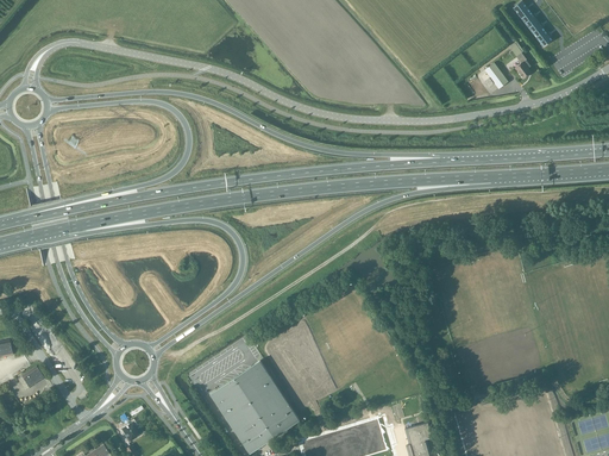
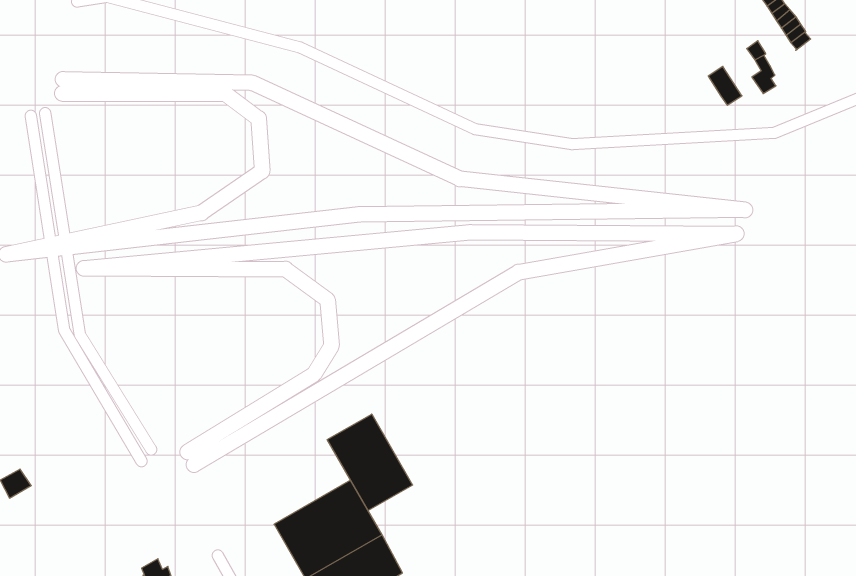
building: none -> [327,414,413,511]

